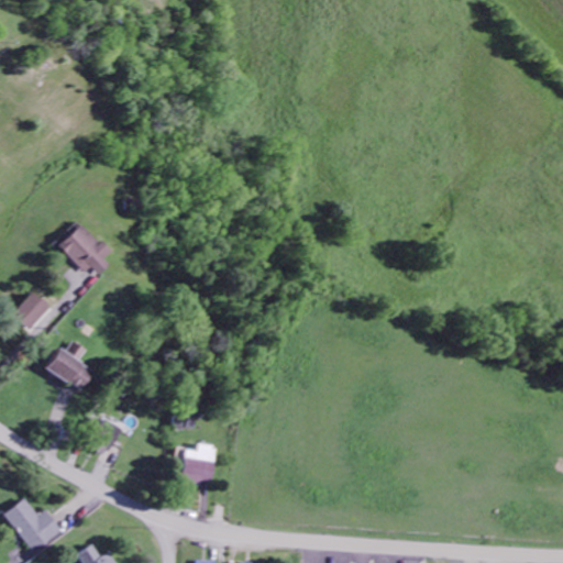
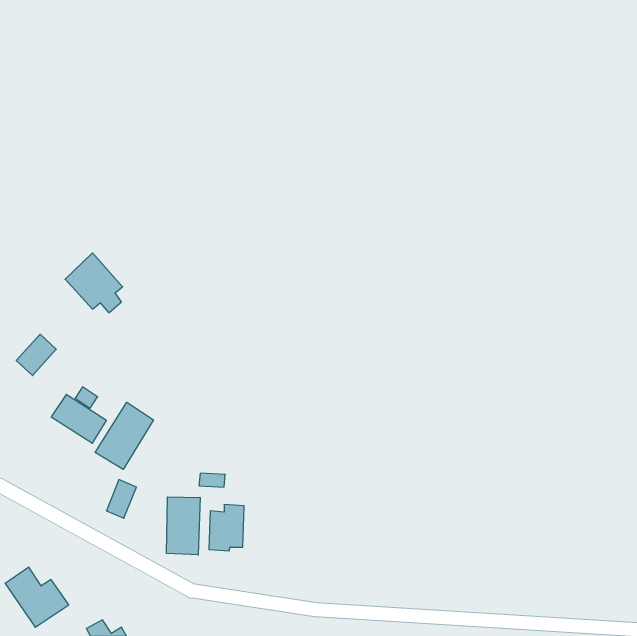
building: none -> [95,402,154,469]
building: none -> [167,497,200,555]

